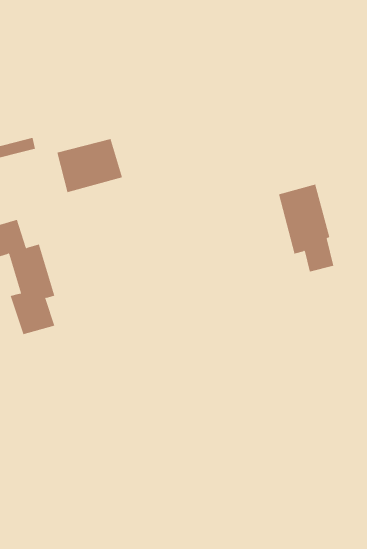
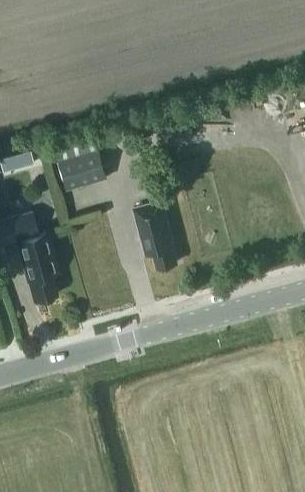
building: [278,184,334,272] -> [133,203,176,271]

